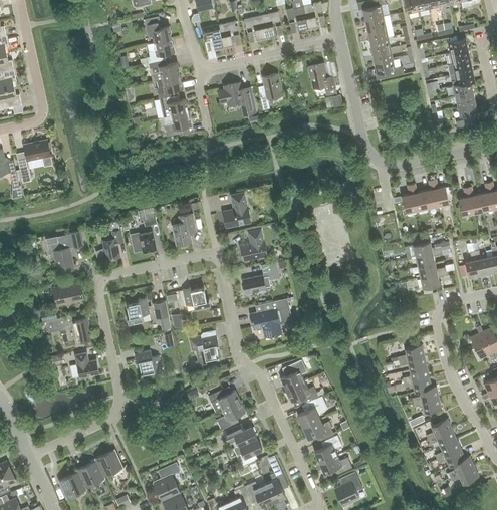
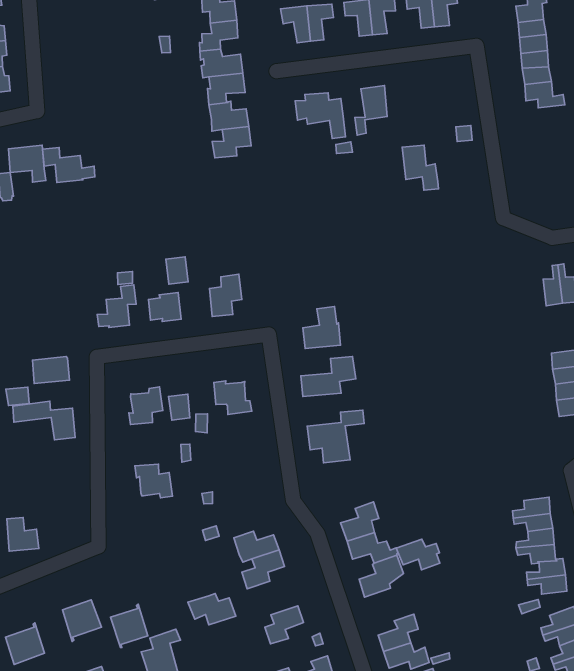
building: [308,63,336,94] -> [402,145,438,190]
building: none -> [43,148,95,183]
building: [225,193,251,227] -> none
building: [45,231,83,271] -> none
building: [189,332,219,363] -> none
building: [75,352,99,376] -> [7,518,39,551]
building: [302,419,333,440] -> [396,539,440,570]
building: [223,424,257,446] -> [188,594,236,625]
building: [77,458,104,489] -> [110,604,148,648]

